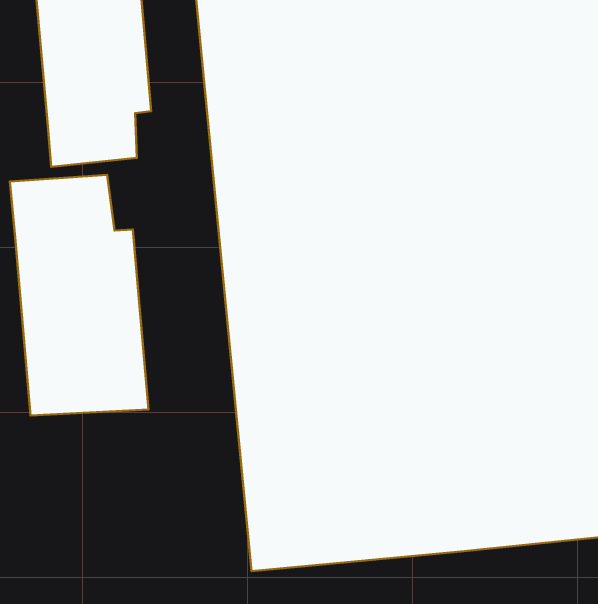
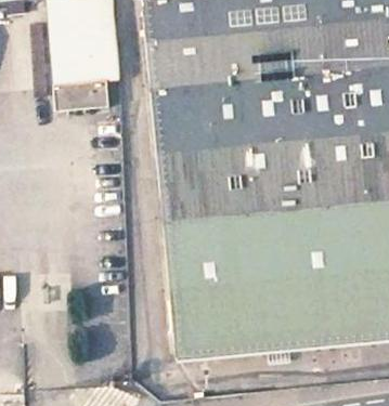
building: [10,175,148,415] -> none

